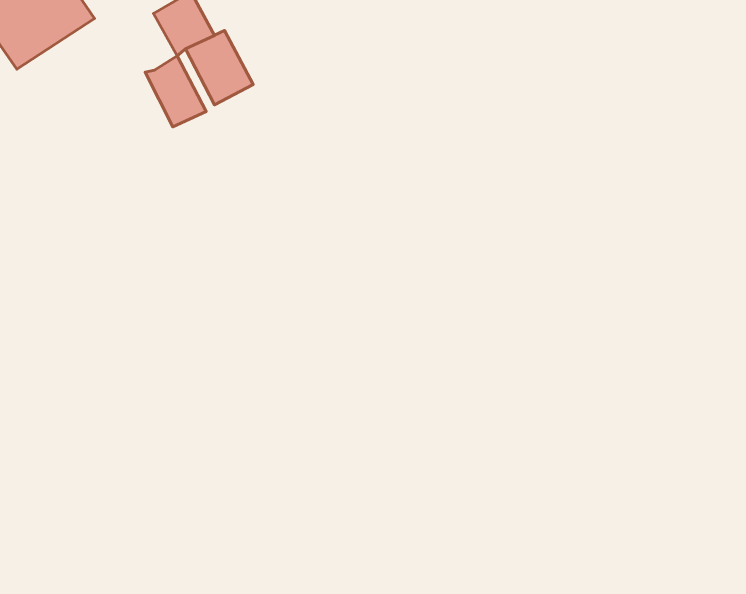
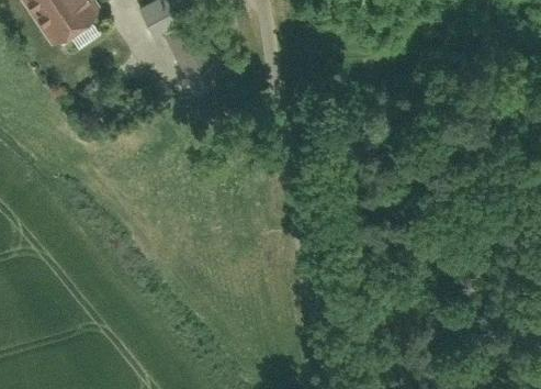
building: [145,56,206,127] -> none

